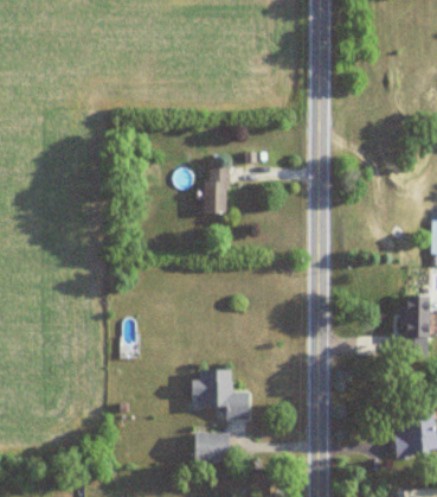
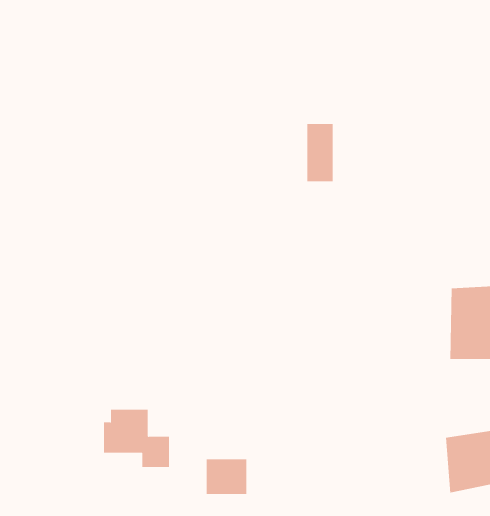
building: [205,165,227,214] -> [306,124,333,182]
building: [193,369,249,418] -> [103,409,170,468]

